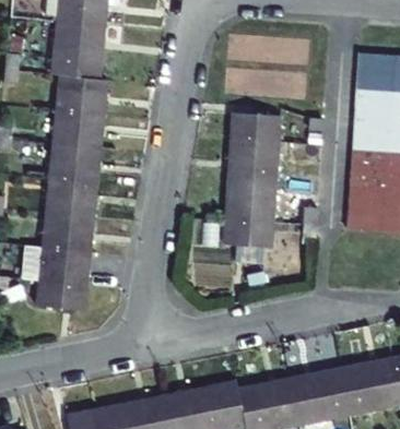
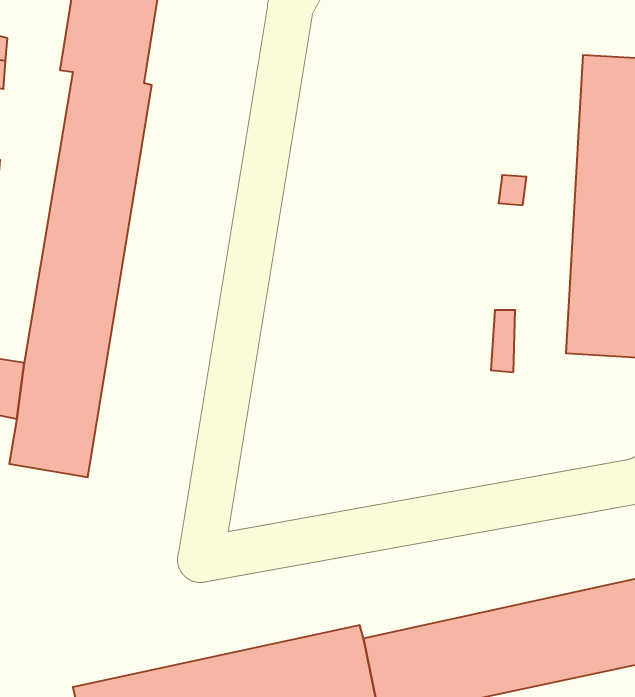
building: [223,109,281,243] -> none

